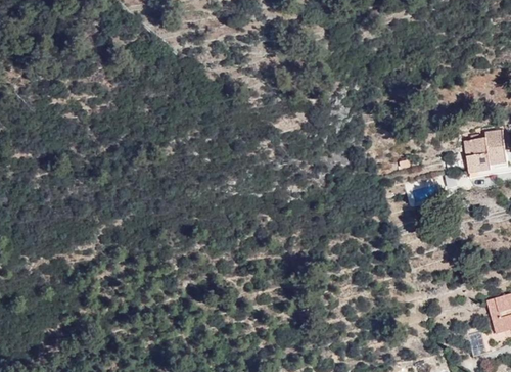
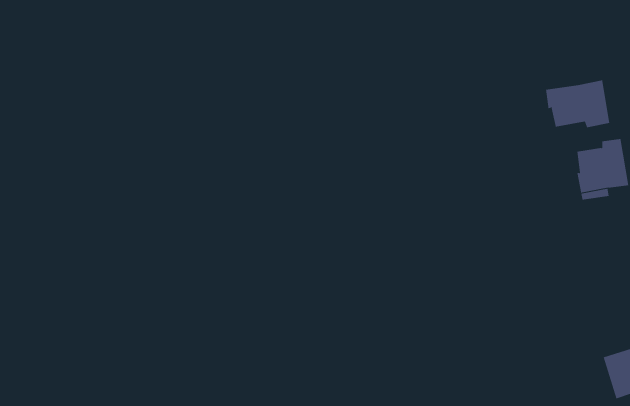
building: none -> [546,80,610,128]

